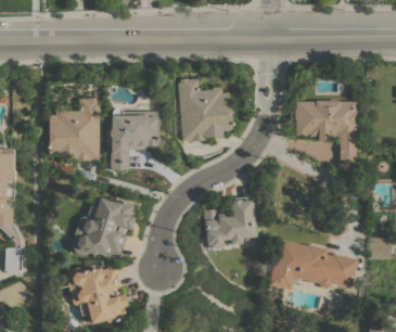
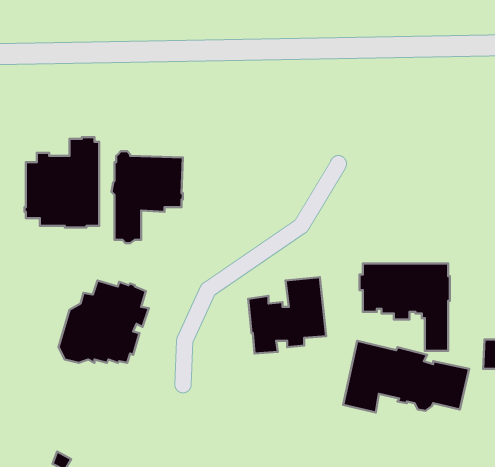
building: [178,78,233,141] -> none
building: [294,102,357,163] -> [360,264,450,351]
building: [67,265,128,323] -> none

